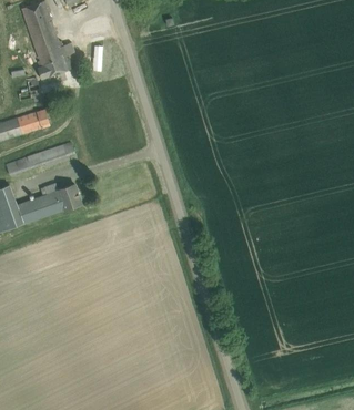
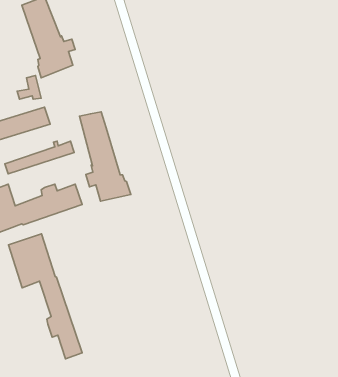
building: none -> [80,112,131,201]
building: none -> [8,234,82,359]

